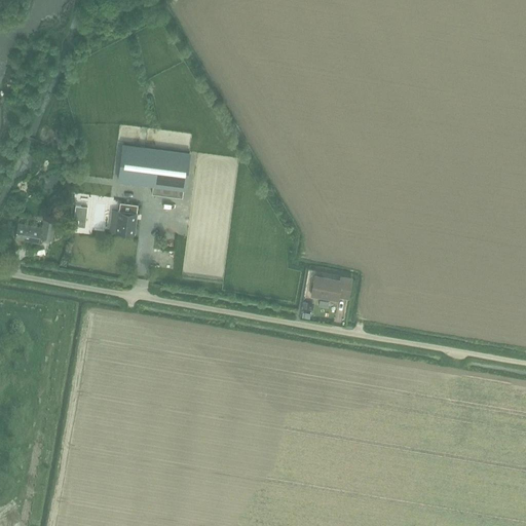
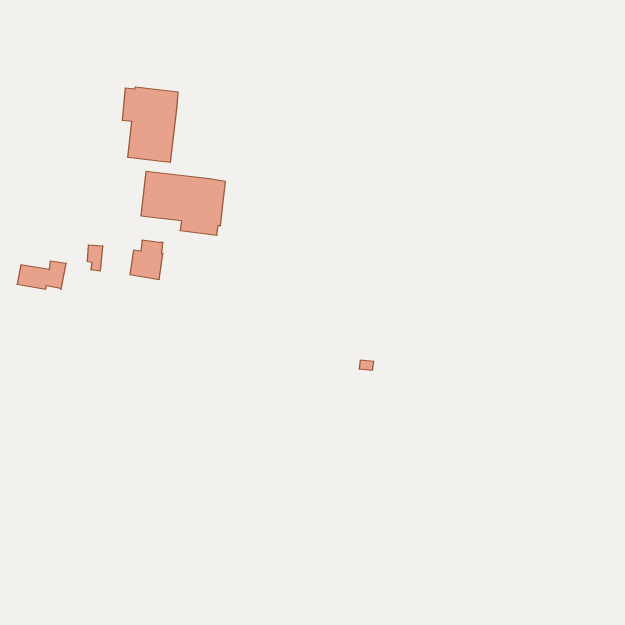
building: none -> [122,87,178,162]
building: [311,276,351,301] -> none

